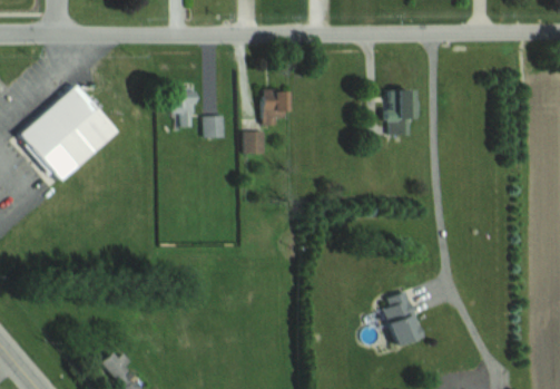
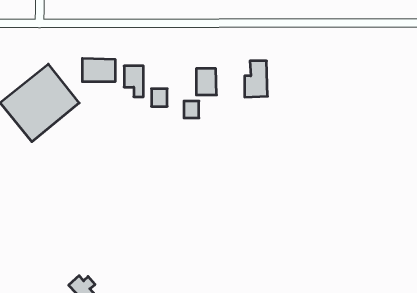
building: none -> [82,58,115,82]
building: [384,90,413,136] -> [245,61,268,97]
building: [381,292,422,346] -> none

